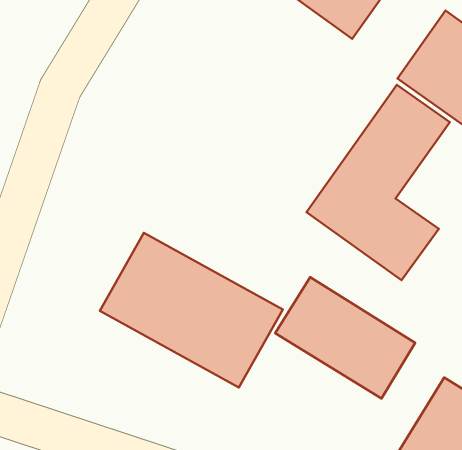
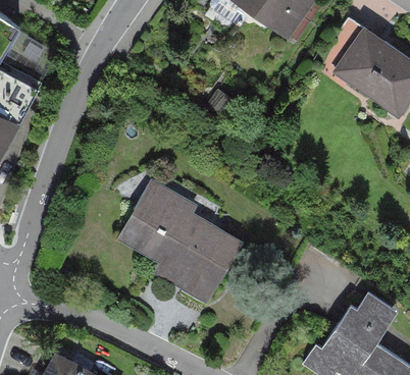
building: [307,85,450,280] -> none
building: [275,277,415,399] -> none

